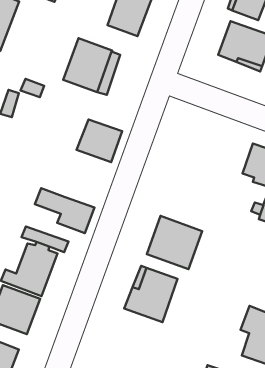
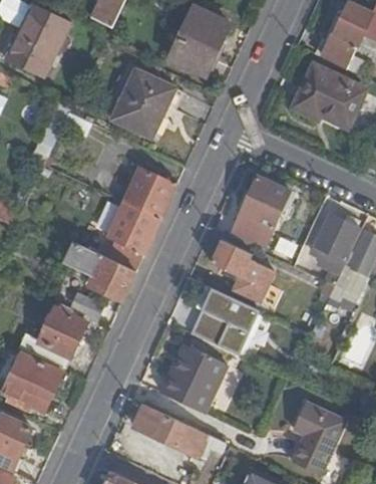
building: none -> [228,176,289,251]
building: none -> [98,199,159,271]
building: none -> [211,241,272,302]
building: none -> [132,405,226,456]

